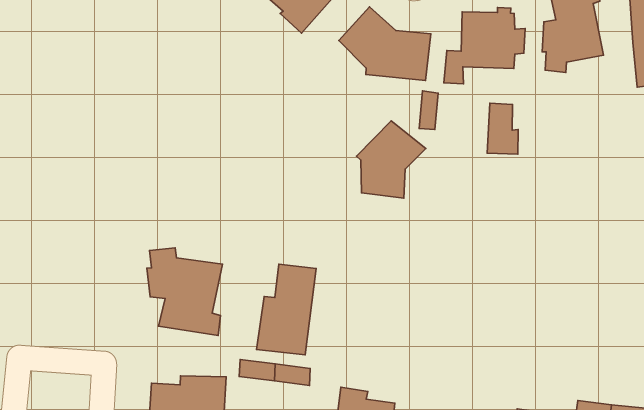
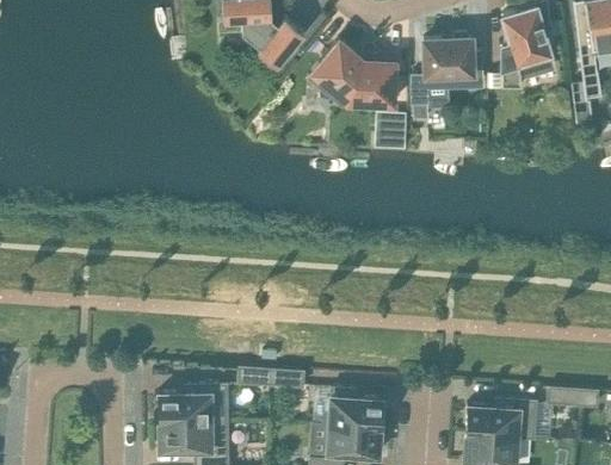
building: [487,103,518,154] -> none
building: [356,121,426,198] -> none
building: [147,248,223,335] -> none
building: [257,264,316,355] -> none

